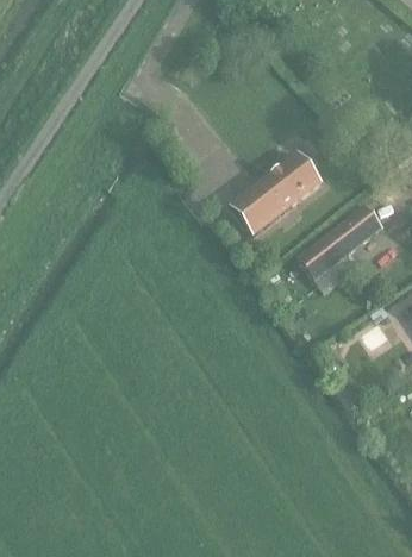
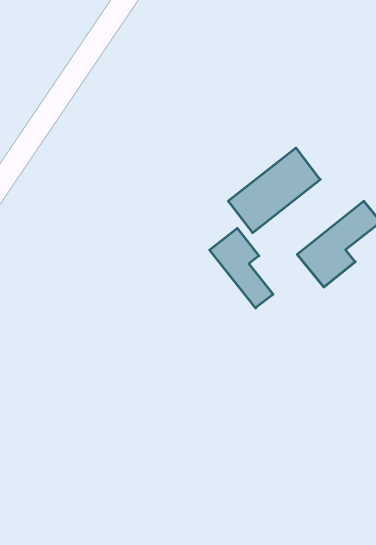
building: none -> [210,228,273,308]

